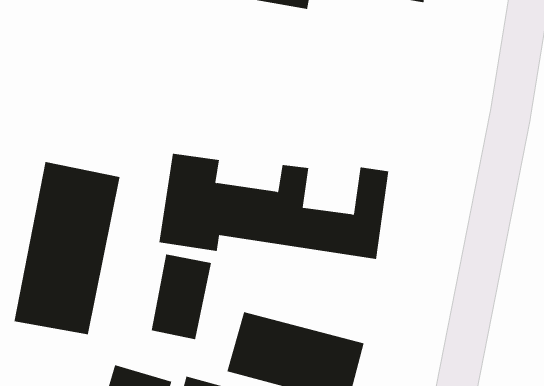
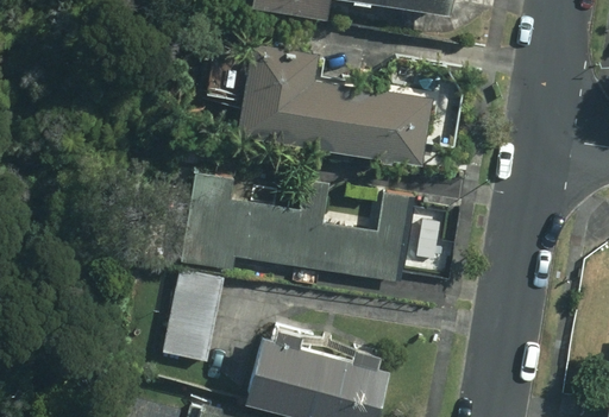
building: none -> [211,46,431,165]
building: [14,161,120,335] -> none

